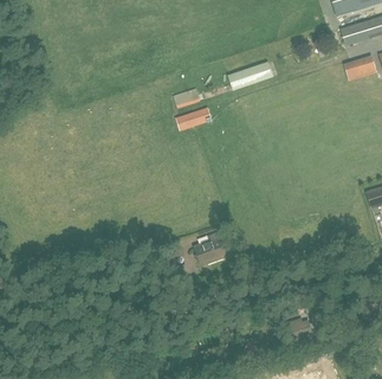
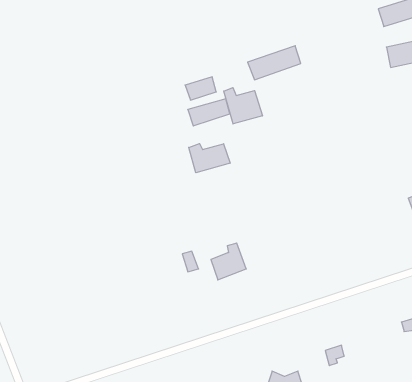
building: none -> [224,88,262,124]
building: none -> [189,144,230,173]

